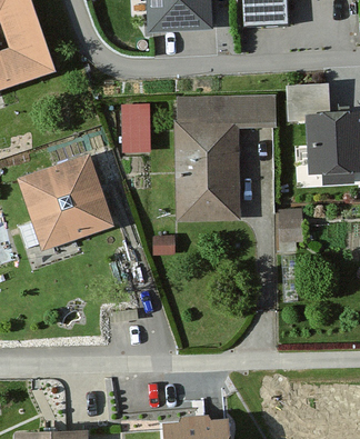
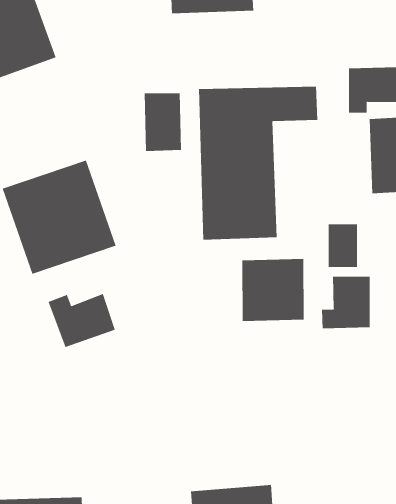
building: none -> [242,258,304,322]
building: none -> [322,276,370,329]
building: none -> [48,293,116,348]

